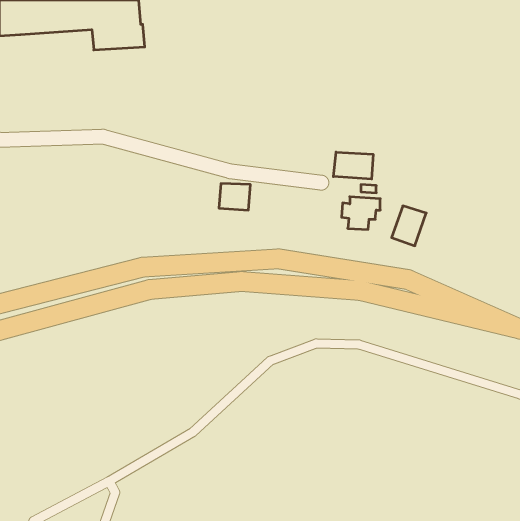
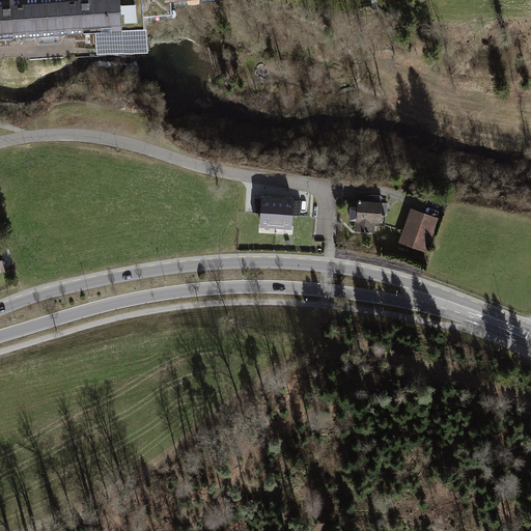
building: [333,152,373,179] -> none
building: [219,184,250,210] -> [259,199,291,226]

